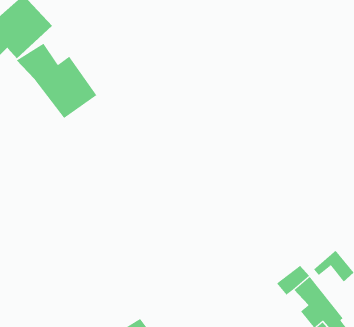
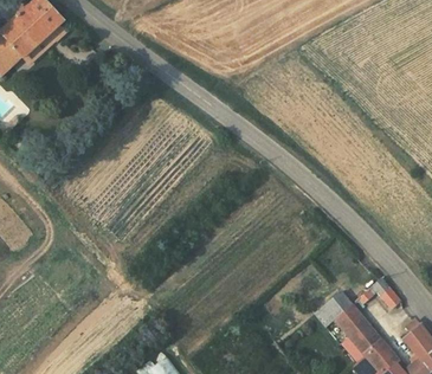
building: [16,43,97,119] -> none

